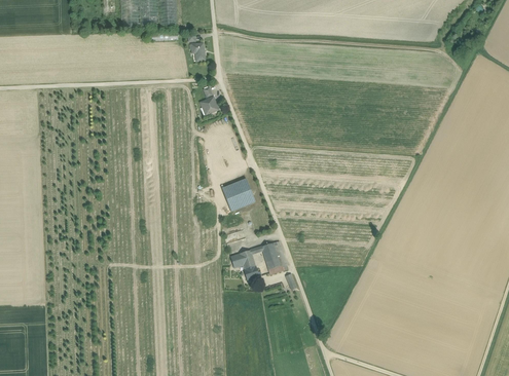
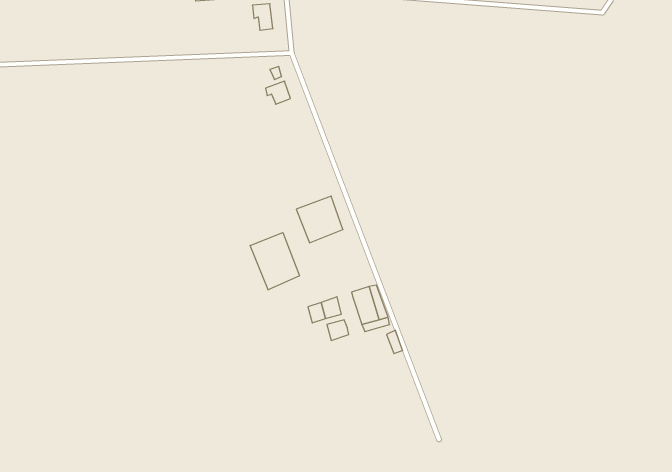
building: none -> [250,233,300,290]

